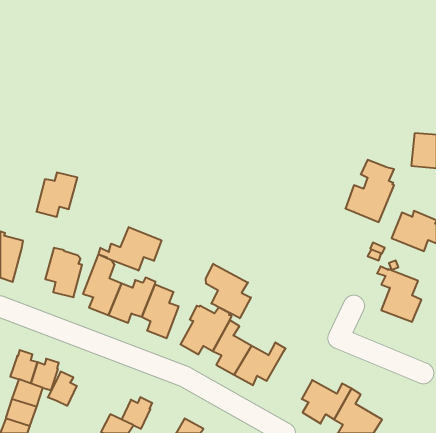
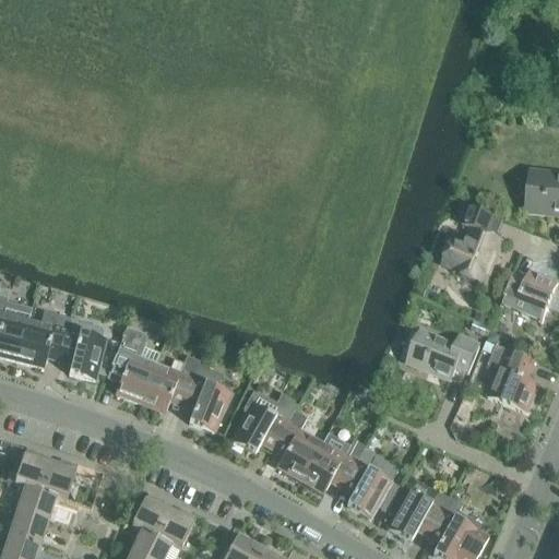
building: [36,172,77,217] -> [17,310,70,367]
building: [98,227,161,271] -> none
building: none -> [407,330,480,379]
building: [206,264,251,318] -> none
building: none -> [342,449,400,519]
building: [48,372,77,406] -> [131,492,168,536]

